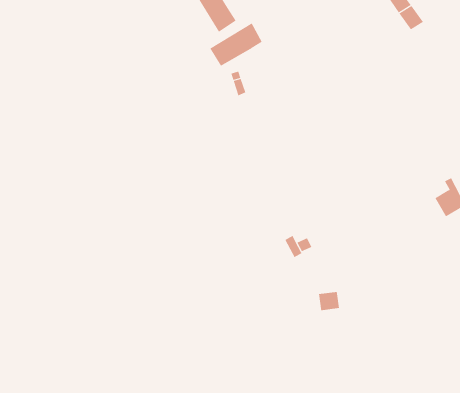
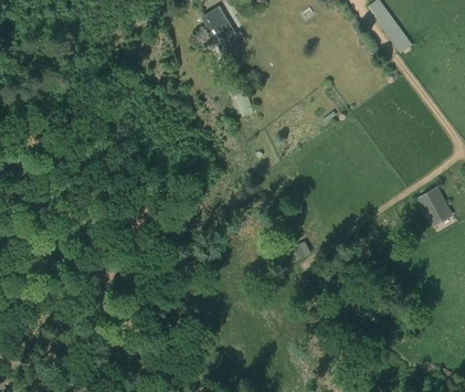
building: [209,23,262,67] -> none

